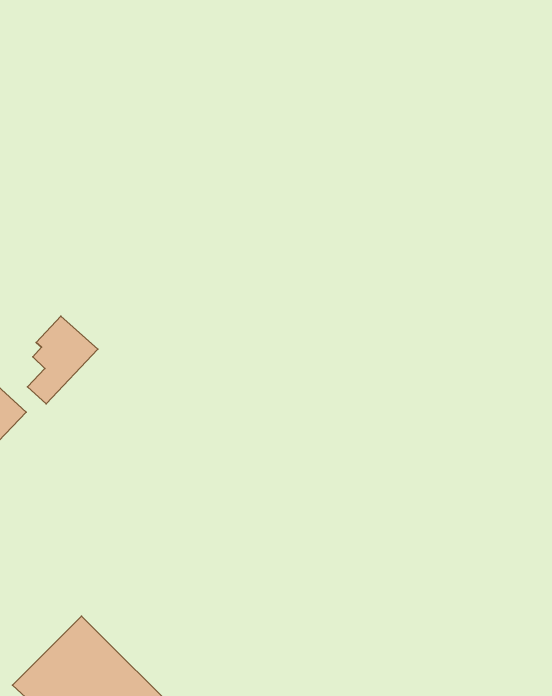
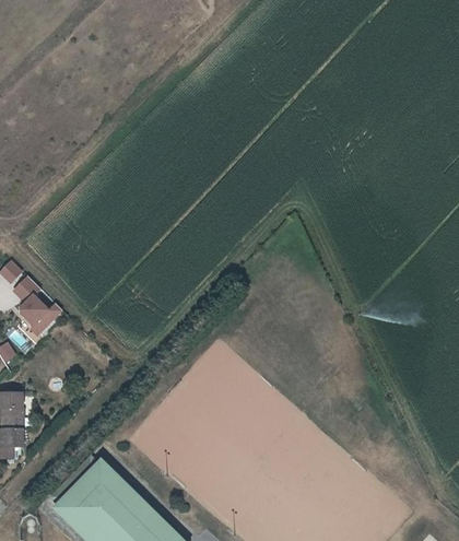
building: [28,316,98,404] -> none

